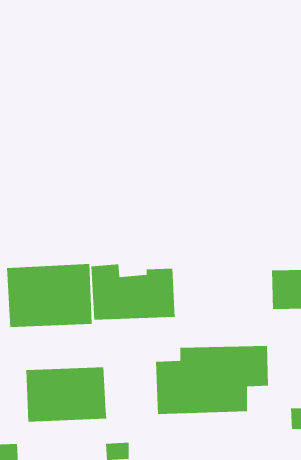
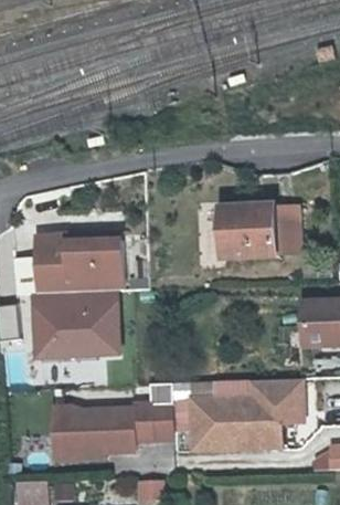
building: none -> [216,206,302,257]
building: [90,264,175,320] -> [32,231,120,290]
building: none -> [132,400,170,443]

